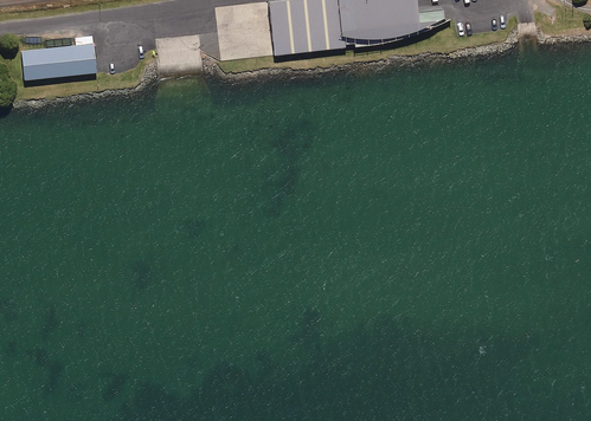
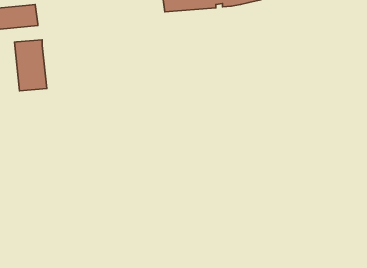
building: none -> [15,40,47,91]

